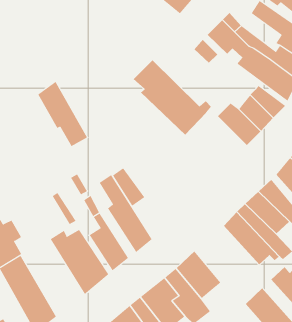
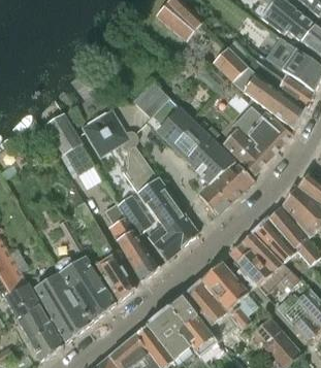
building: none -> [82,108,197,261]
building: none -> [191,141,255,215]
building: none -> [201,262,260,329]
building: none -> [35,268,91,343]

